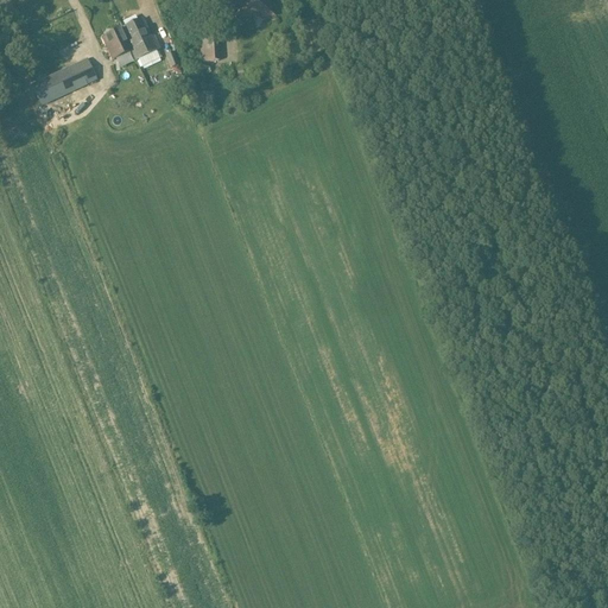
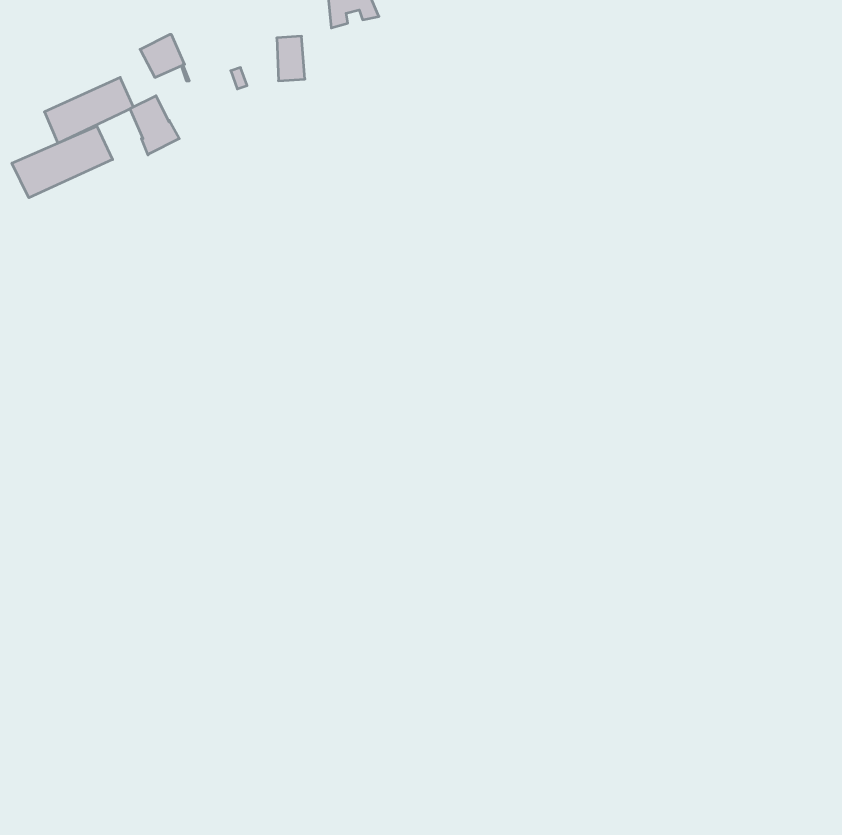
building: [124,15,159,58] -> [130,96,179,155]
building: none -> [12,126,113,198]

